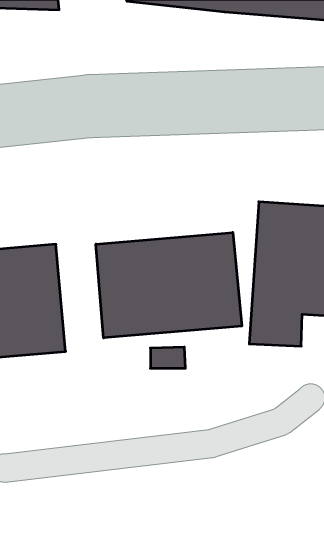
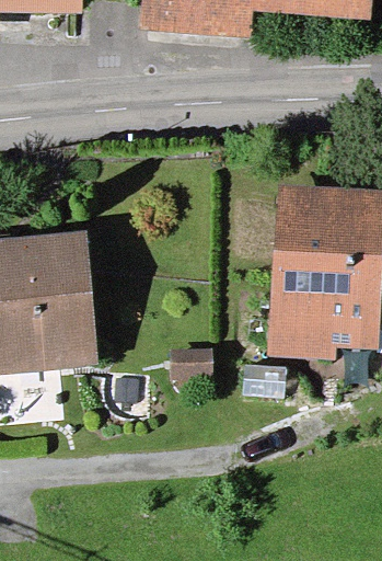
building: [96,232,242,338] -> none

